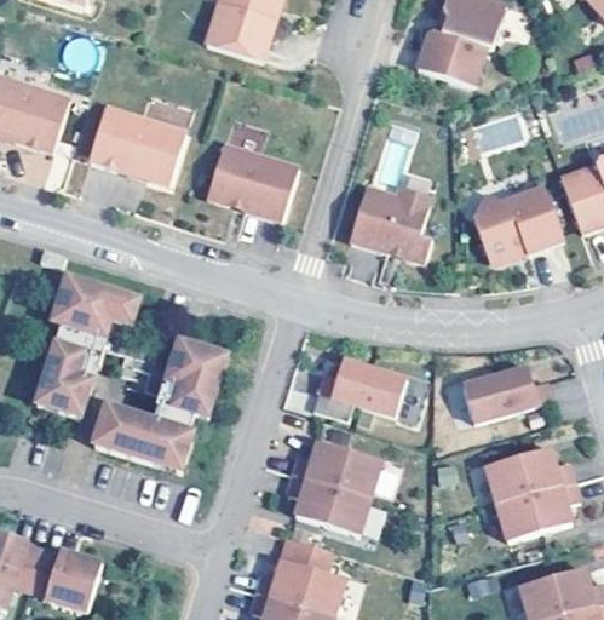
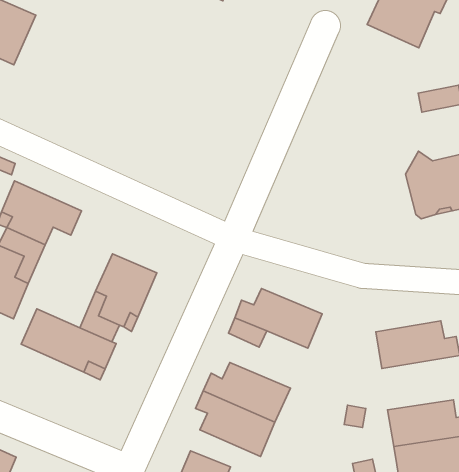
building: [90,105,186,184] -> none
building: [206,144,298,219] -> none
building: [350,180,432,258] -> none

